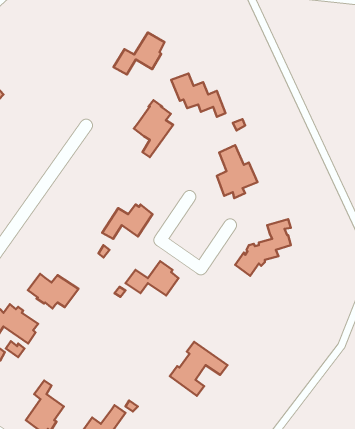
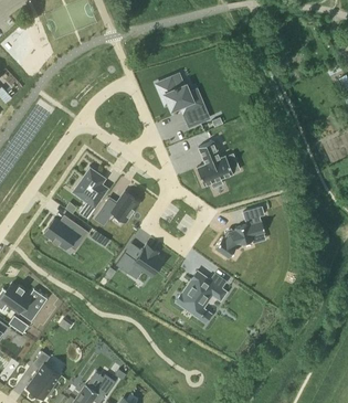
building: [114,32,165,75] -> none
building: [134,100,173,157] -> [72,166,107,216]
building: [28,274,79,309] -> [43,218,88,248]
building: [170,342,228,396] -> [175,271,226,319]

